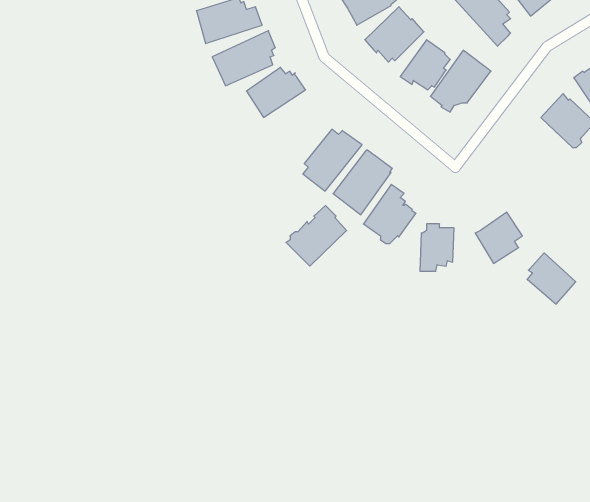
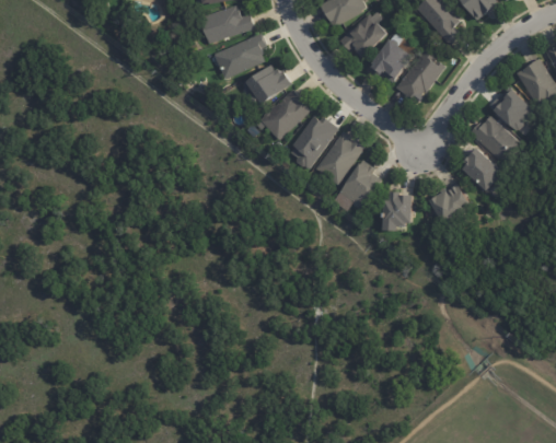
building: none -> [468,115,519,161]
building: [286,206,347,266] -> [258,90,309,140]
building: [527,253,576,304] -> [462,149,502,191]

